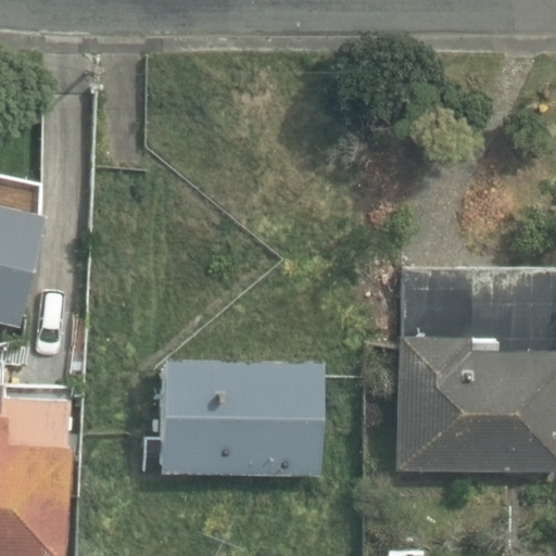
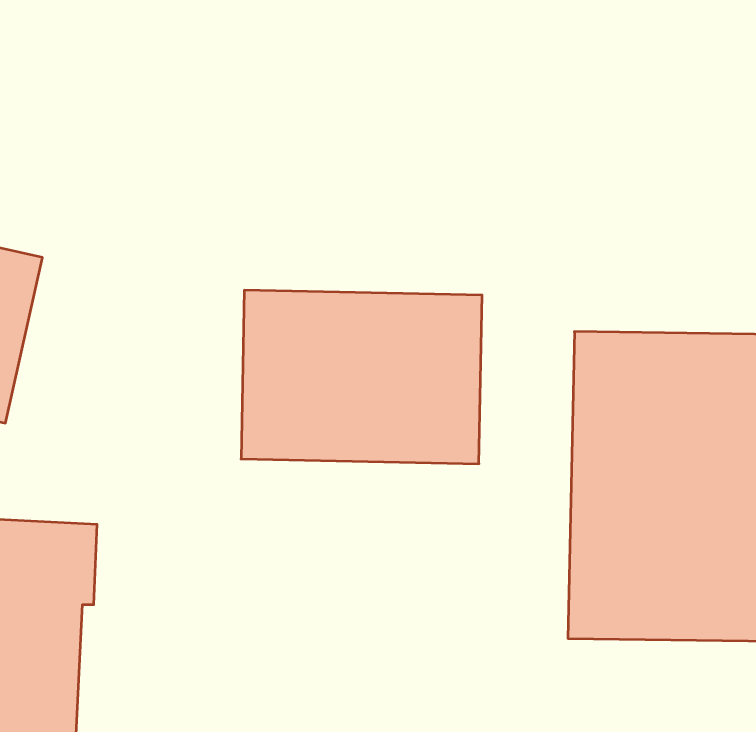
building: [160,359,323,477] -> [241,290,482,464]

